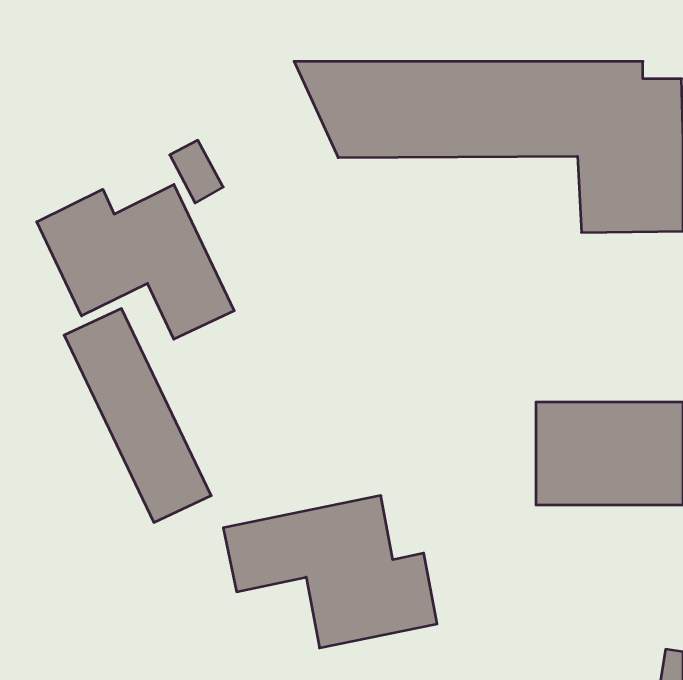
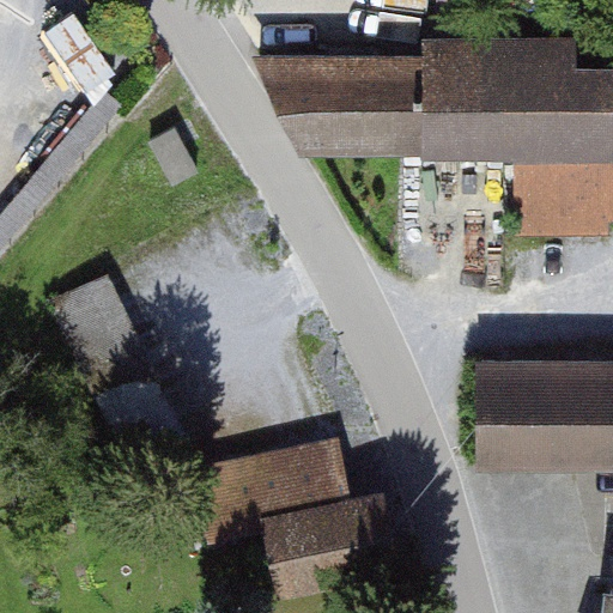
building: [37,184,234,339] -> none

